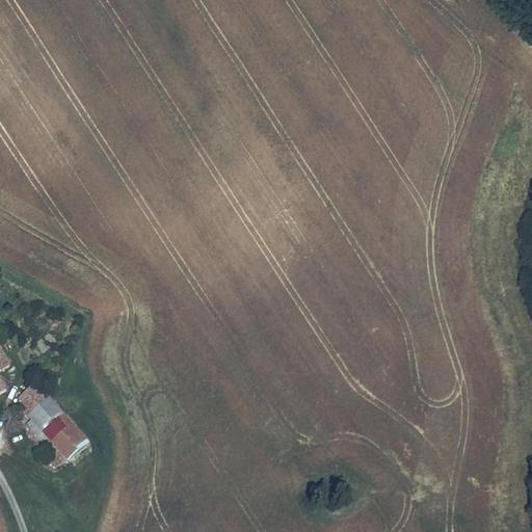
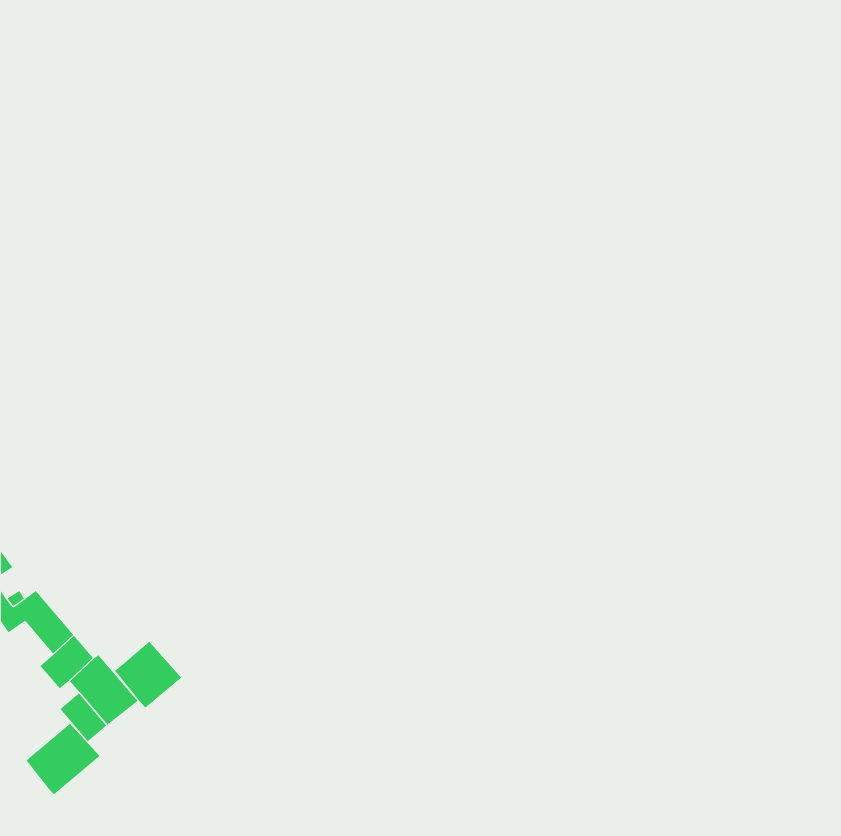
building: none -> [114,641,182,708]
building: none -> [26,723,100,795]

